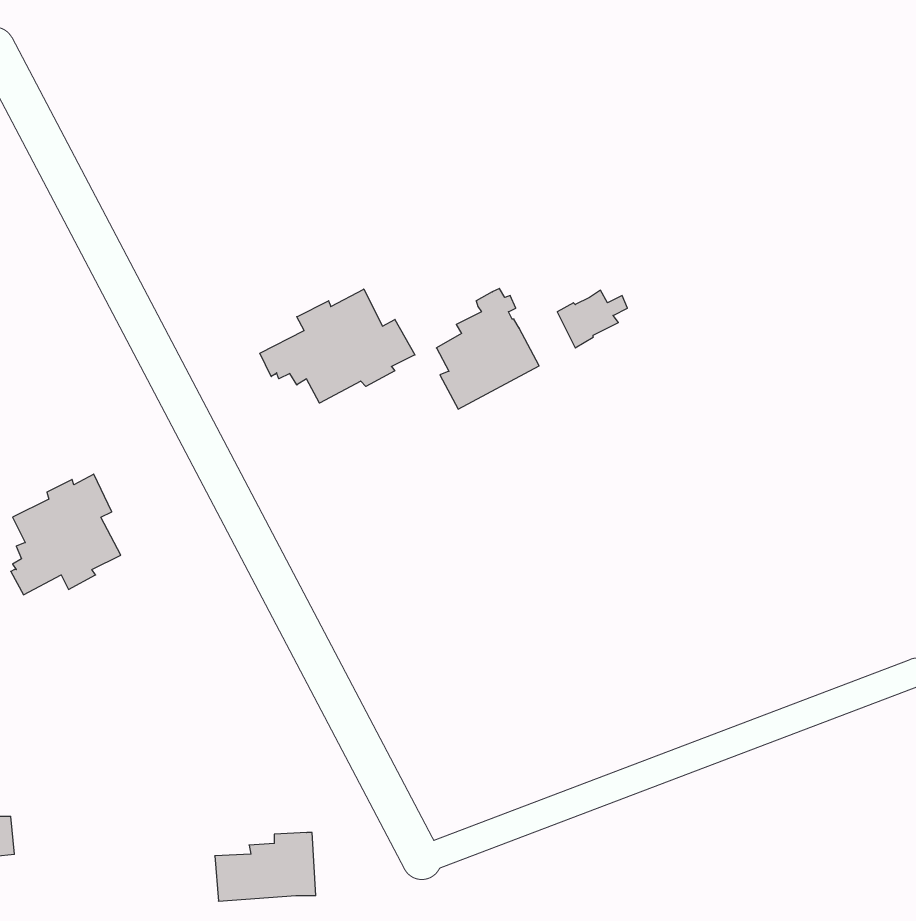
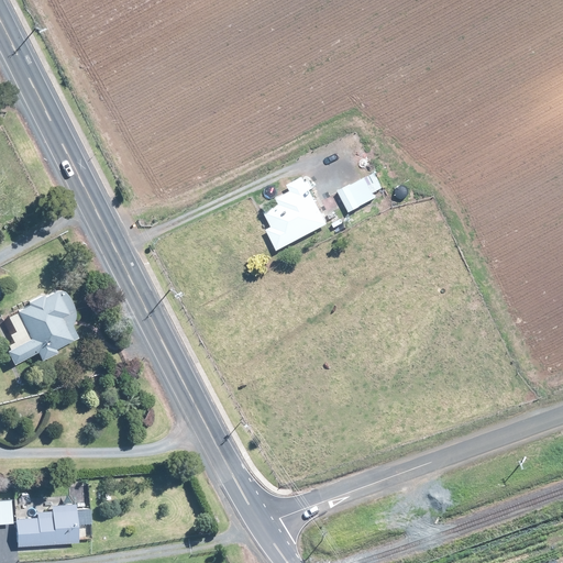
building: [260,289,415,403] -> none
building: [215,833,316,901] -> [15,504,77,545]

